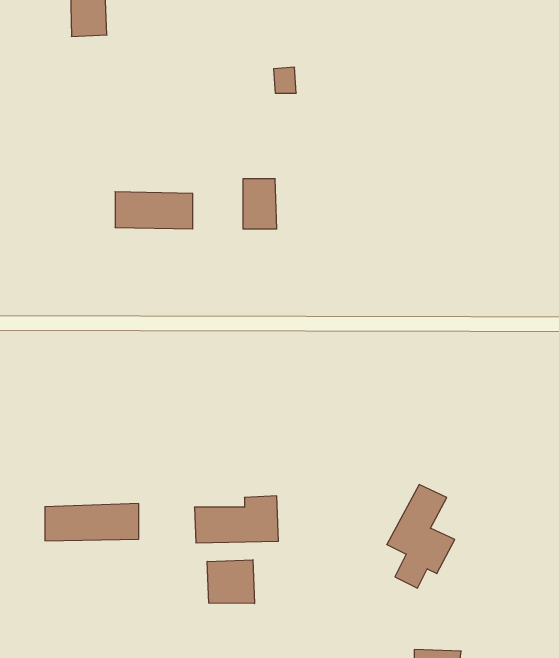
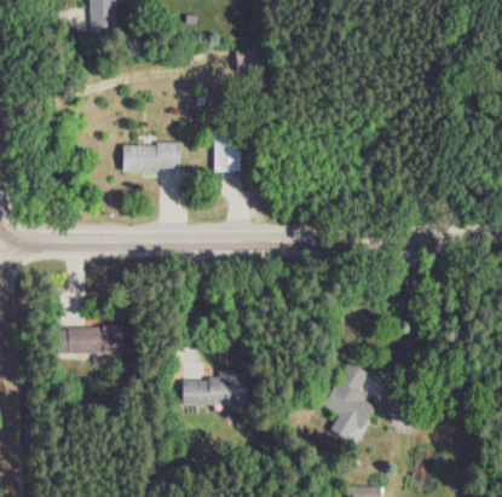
building: [45,504,139,541] -> [52,326,122,354]
building: [207,560,254,604] -> none

